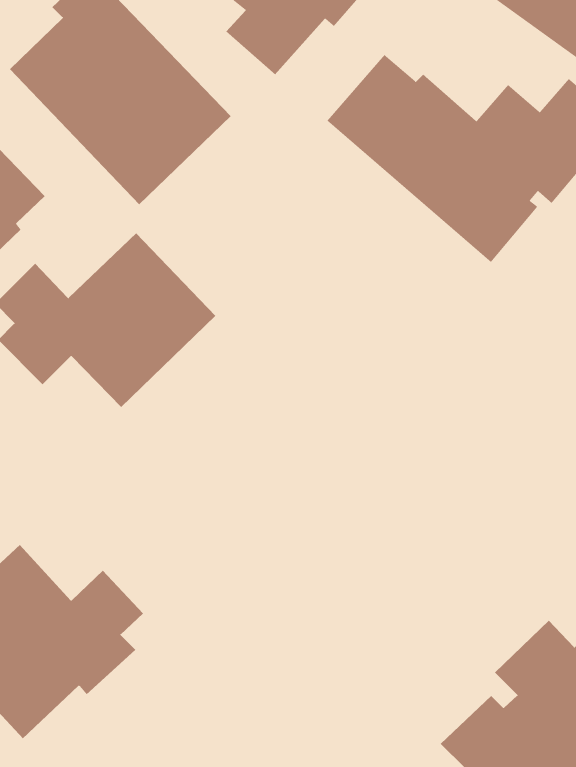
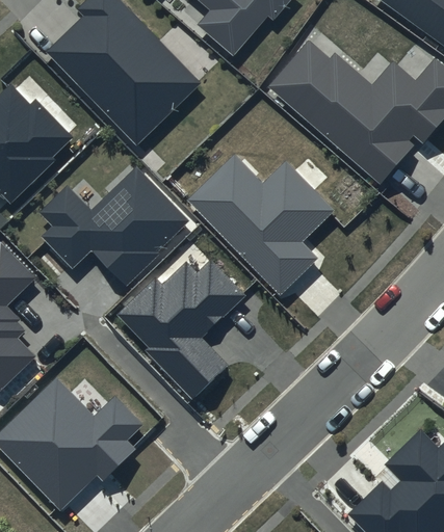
building: none -> [187,154,334,295]
building: none -> [116,257,247,399]

